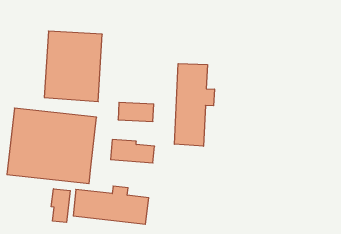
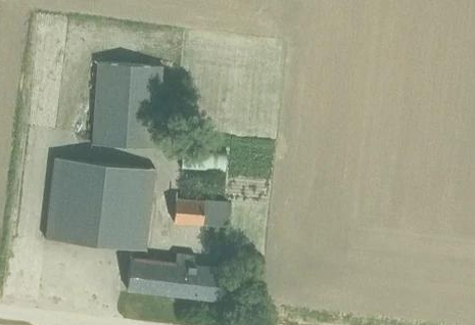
building: [174,64,214,146] -> none
building: [51,189,70,222] -> none

